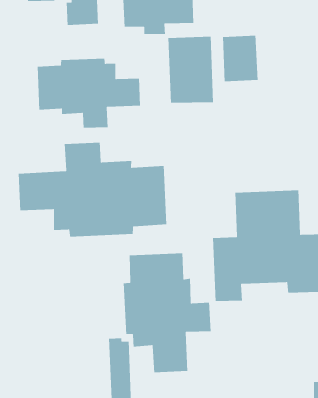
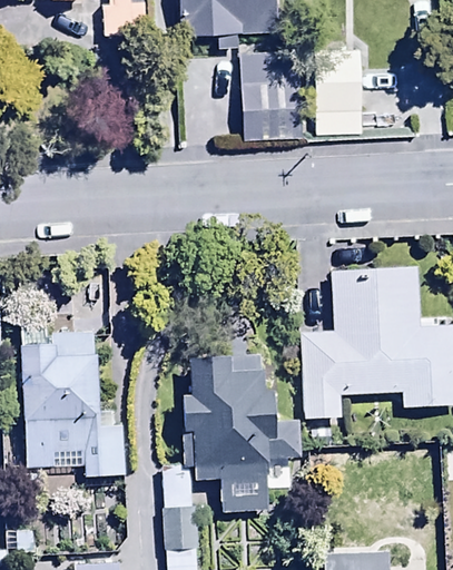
building: [37,58,141,128] -> none
building: [18,142,167,237] -> none
building: none -> [21,326,126,476]

